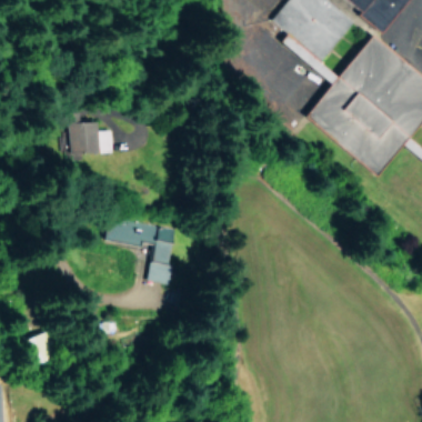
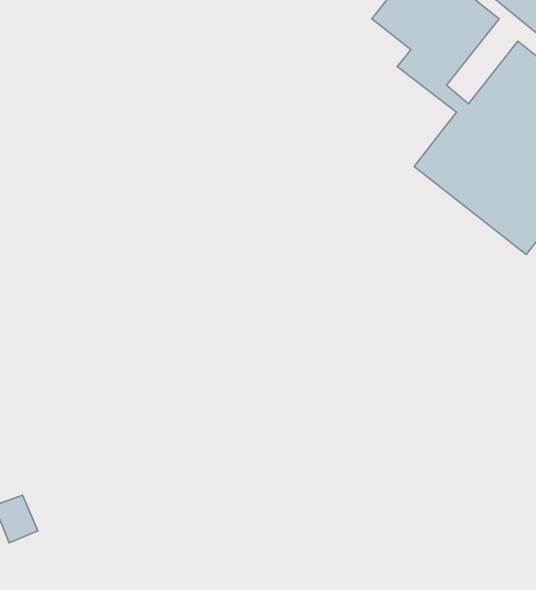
building: [70,112,112,152] -> none
building: [105,215,178,287] -> none

